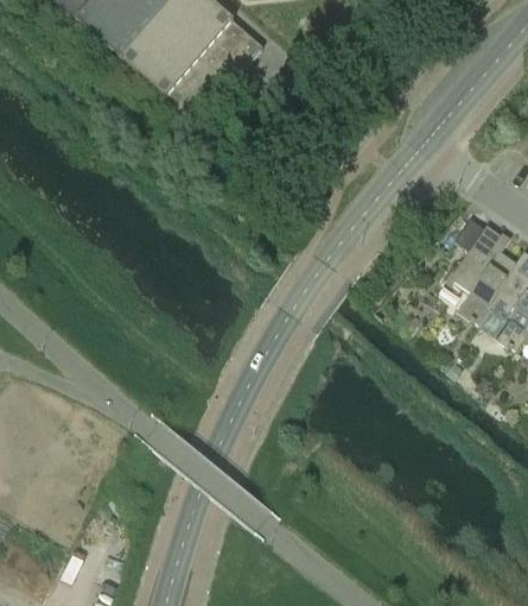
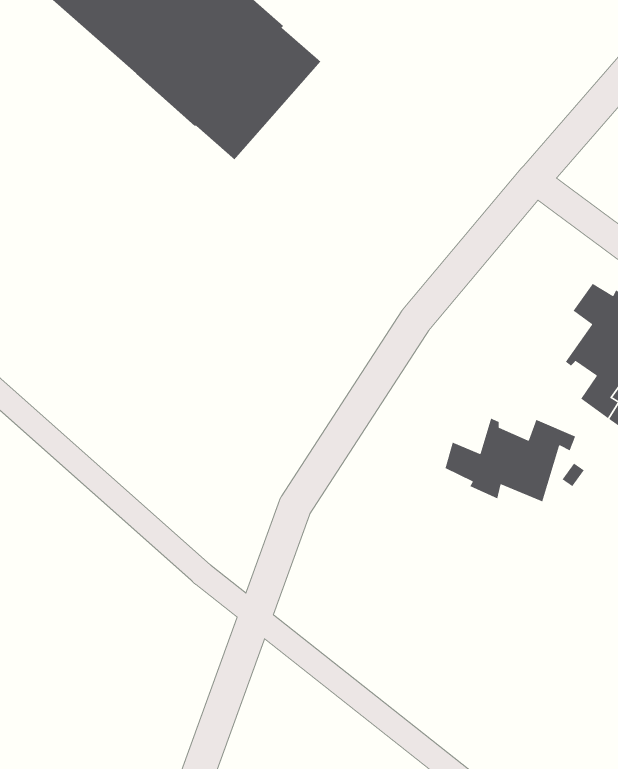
building: none -> [445,418,576,502]

